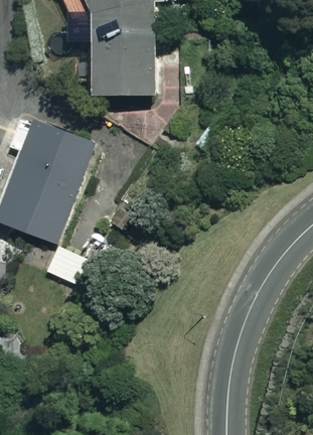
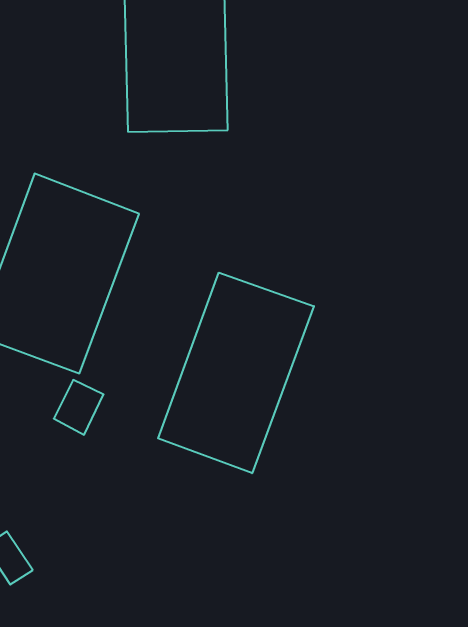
building: none -> [158,273,314,473]

